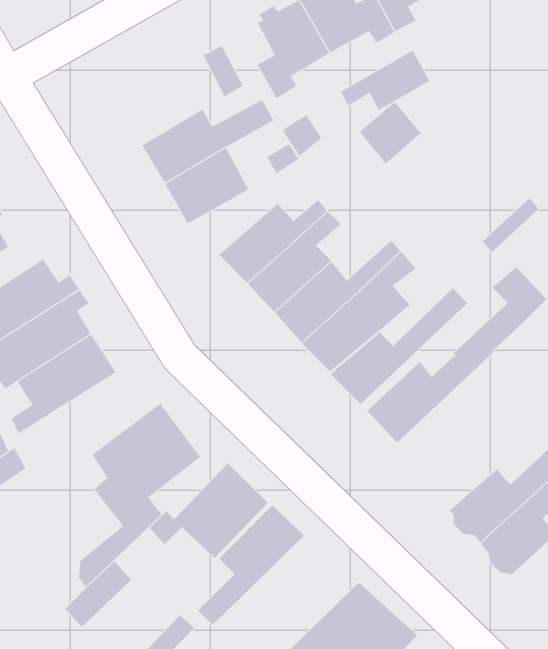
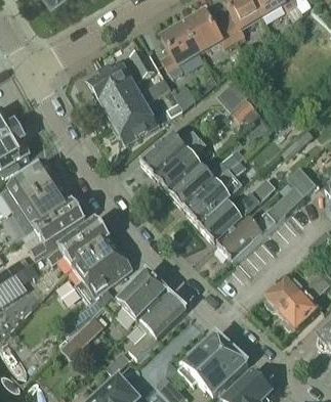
building: [340,50,430,111] -> none
building: none -> [89,61,133,101]
building: none -> [47,219,111,266]

